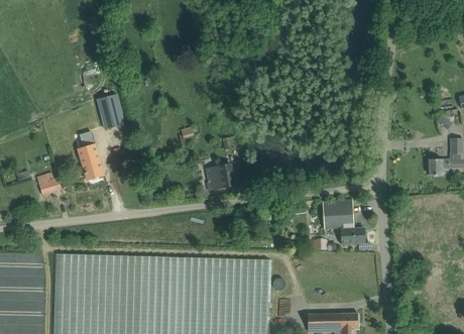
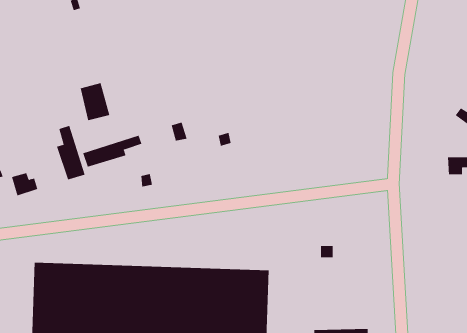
building: none -> [82,135,142,168]
building: [206,164,235,190] -> none
building: [323,199,365,244] -> none

